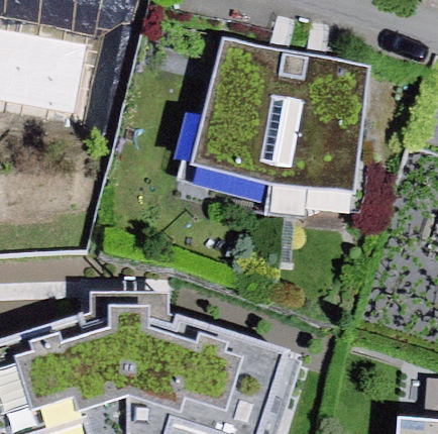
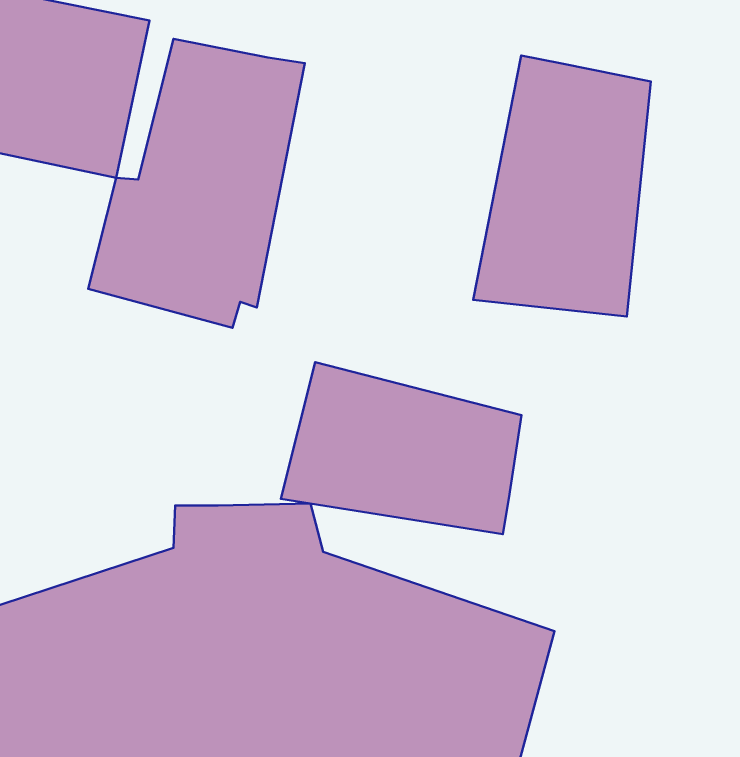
building: [176,35,294,193] -> [88,39,305,328]
building: none -> [281,362,522,534]

